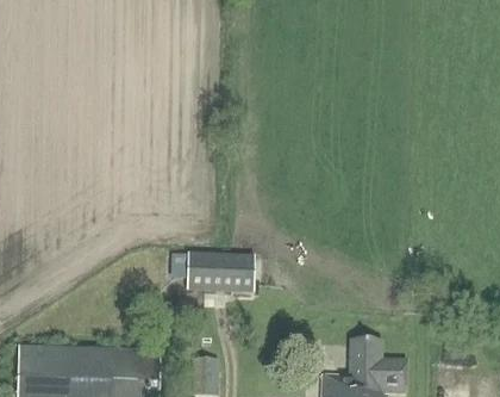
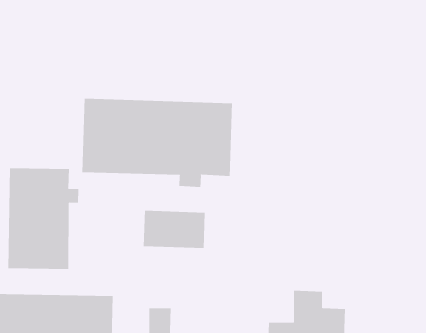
building: none -> [82,98,233,188]
building: none -> [8,167,79,270]

